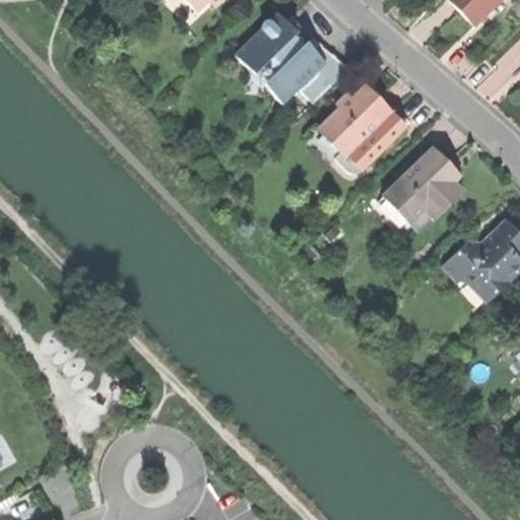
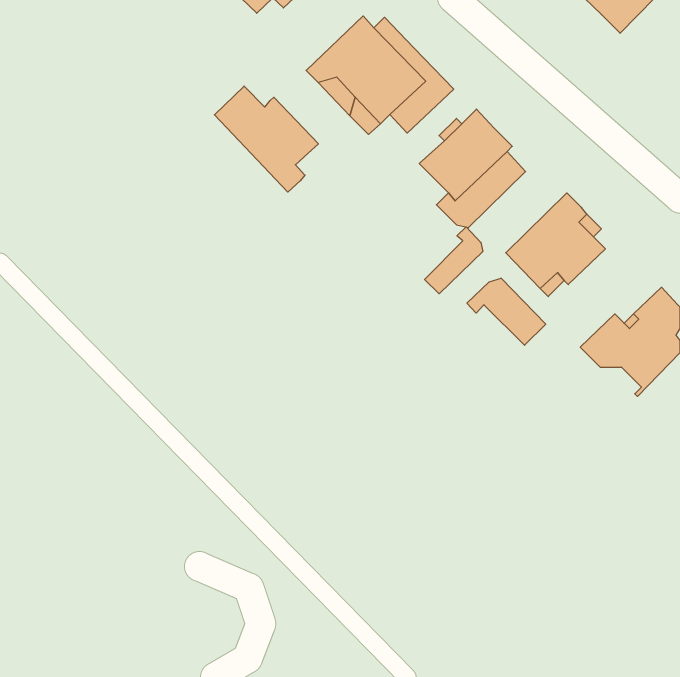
building: none -> [214,86,318,192]
building: none -> [425,227,483,294]
building: none -> [467,278,546,345]

